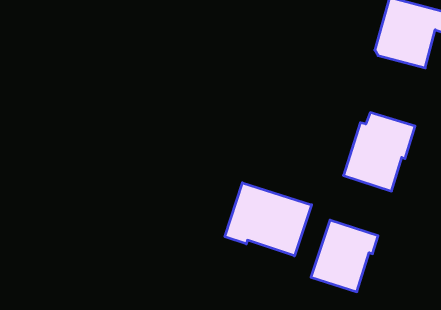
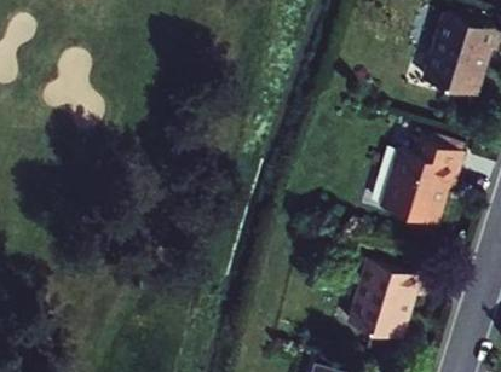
building: [225,183,312,256] -> none

